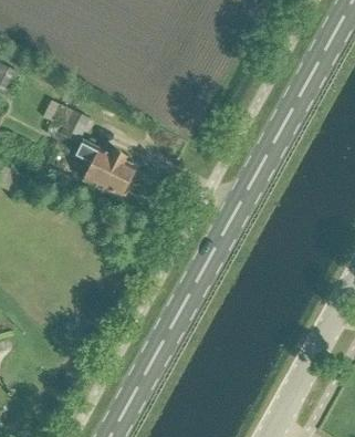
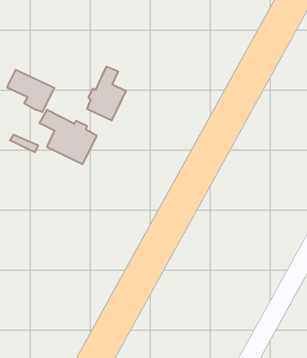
building: none -> [87,67,126,121]

